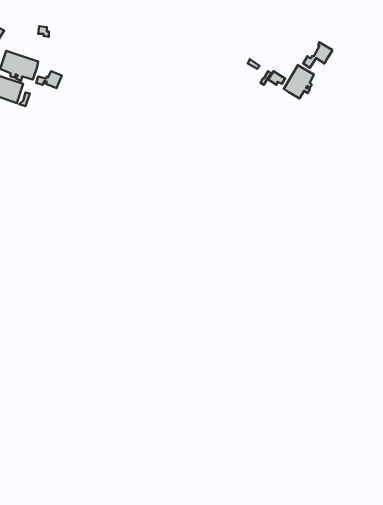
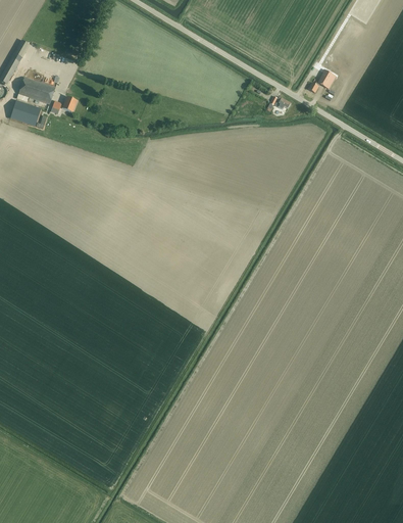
building: [284,65,314,98] -> none

